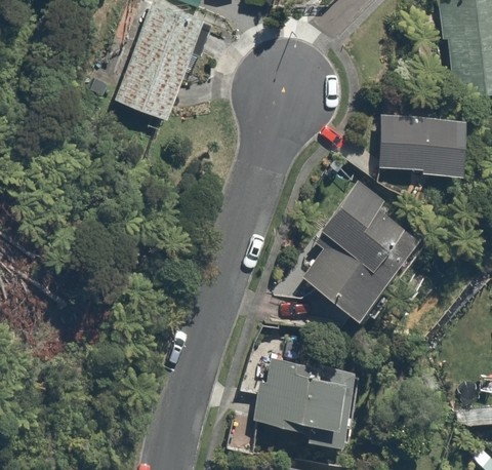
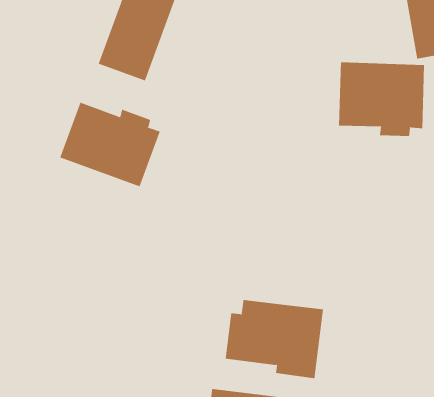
building: none -> [59,102,161,187]
building: [303,184,428,323] -> none

